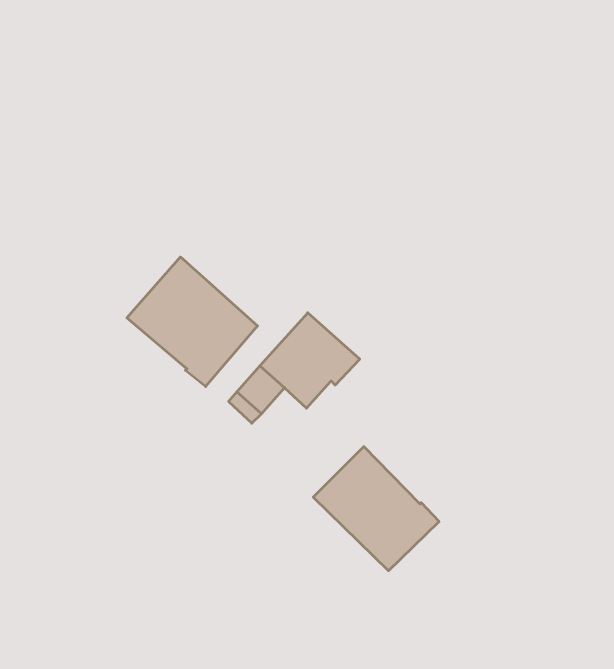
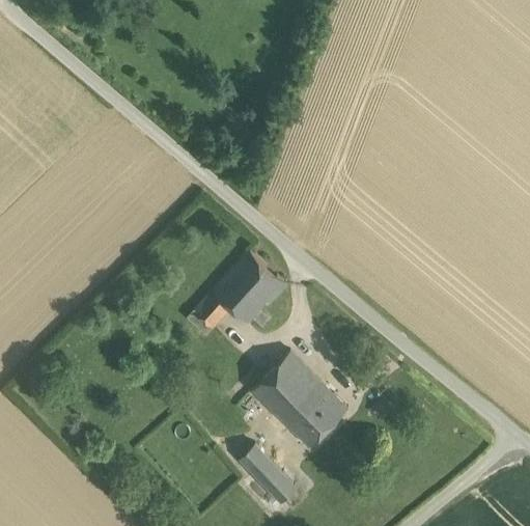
building: [127,257,258,387] -> none
building: none -> [240,446,299,505]

